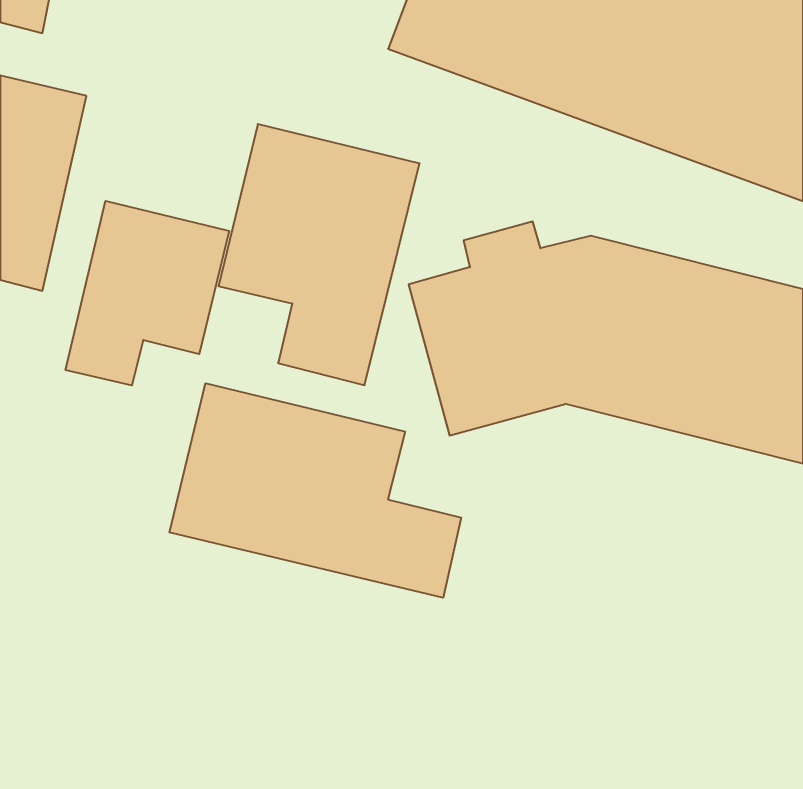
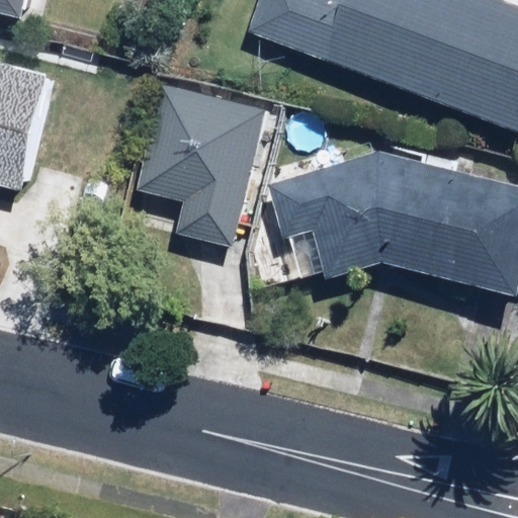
building: [66,201,229,385] -> none
building: [169,383,461,598] -> none

